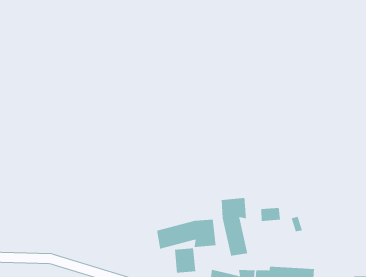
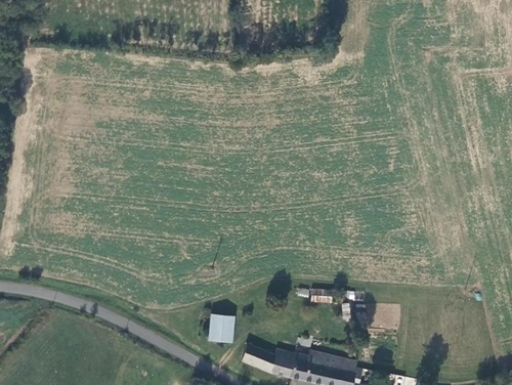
building: [221,197,248,256] -> none
building: [157,219,216,250] -> none

